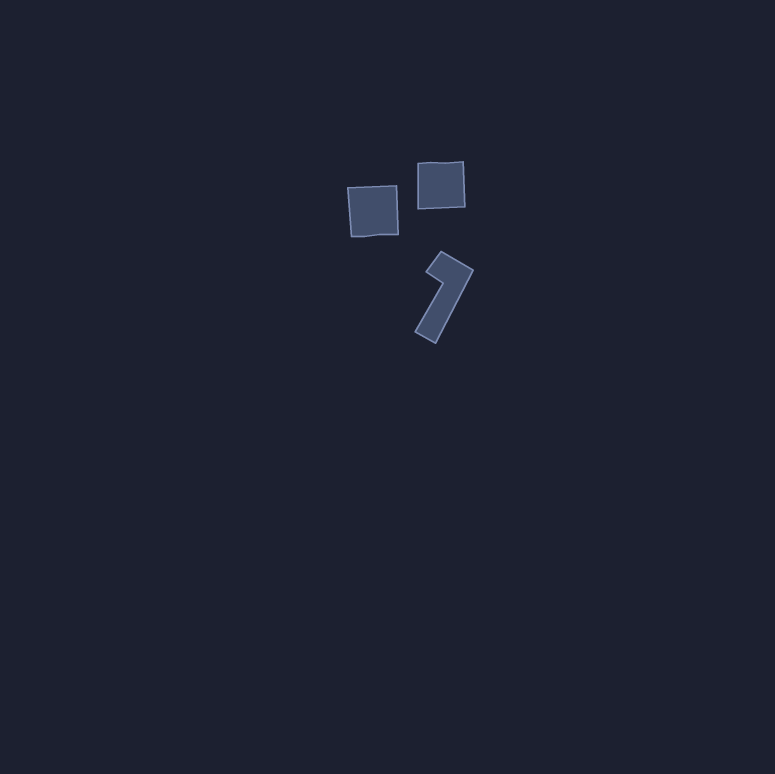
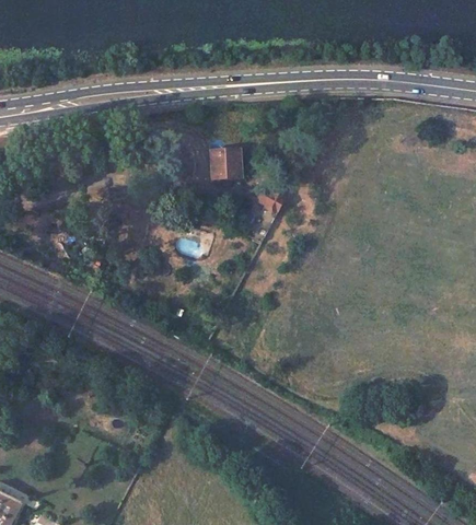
building: [418,162,465,209] -> none

